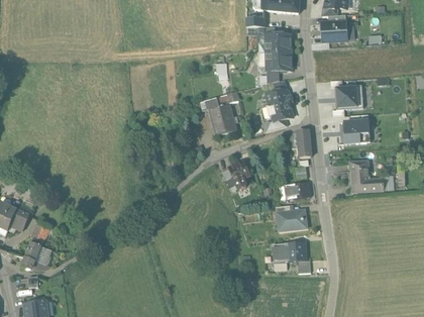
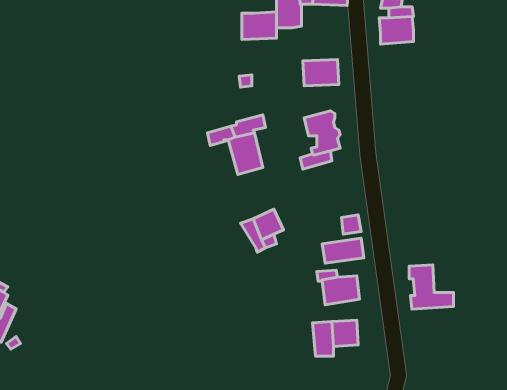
building: [266,33,291,54] -> [242,12,277,40]
building: [334,84,363,109] -> none
building: [342,119,370,143] -> none
building: [292,129,311,157] -> none
building: [350,161,383,193] -> [409,265,453,309]

